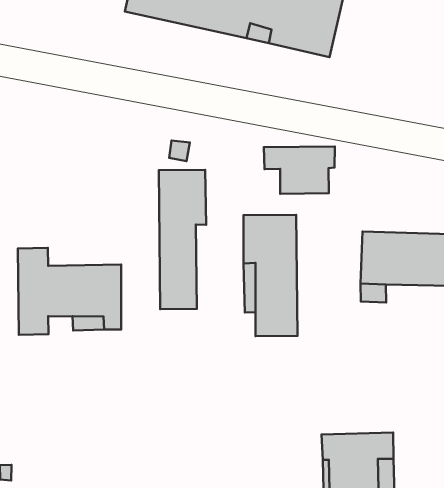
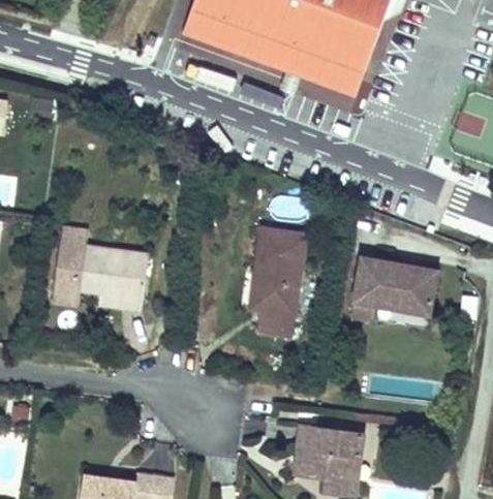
building: [264,147,335,194] -> none
building: [159,170,206,309] -> none

